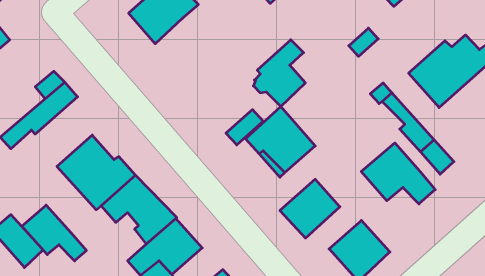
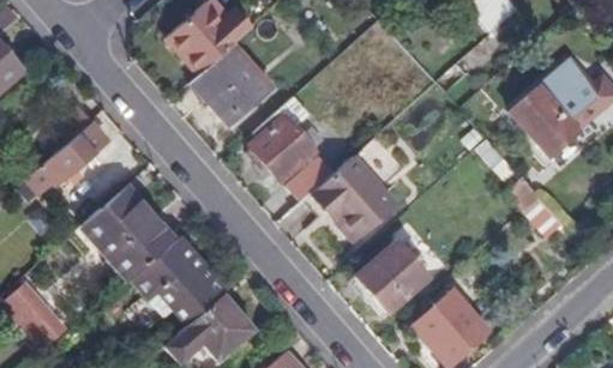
building: none -> [193,44,274,126]
building: [253,40,305,107] -> [252,95,315,176]
building: [361,143,435,204] -> none
building: [22,205,86,261] -> none

